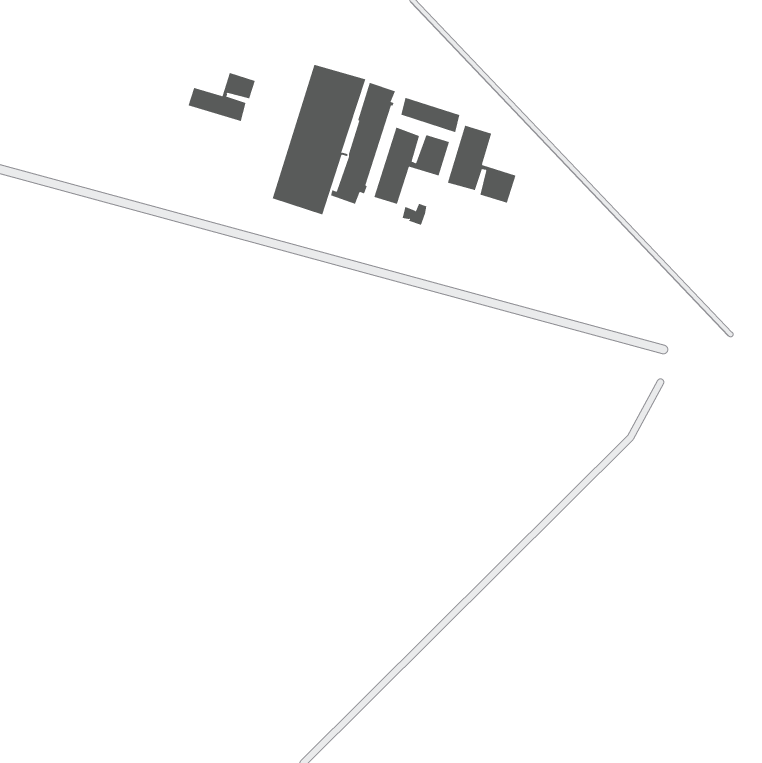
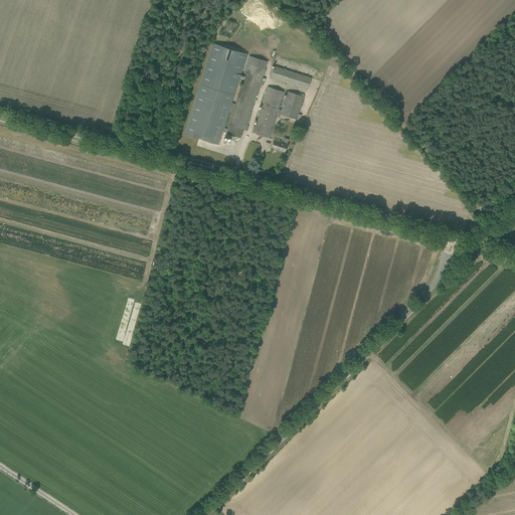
building: [188,72,255,122] -> none
building: [447,125,516,204] -> none

